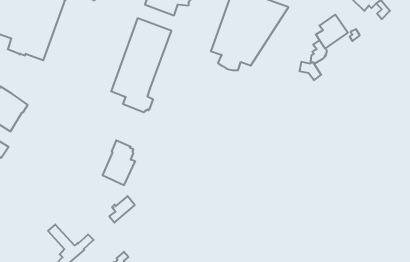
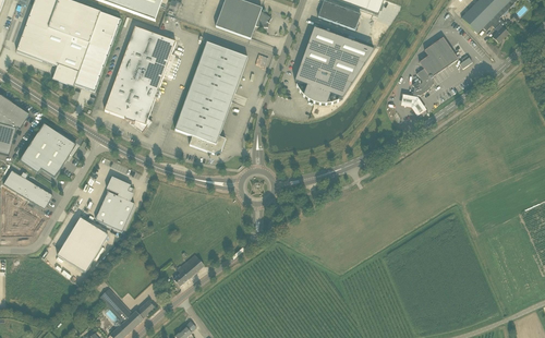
building: none -> [104,25,174,131]
building: [102,140,135,185] -> [95,177,134,230]
building: none -> [56,217,107,273]

